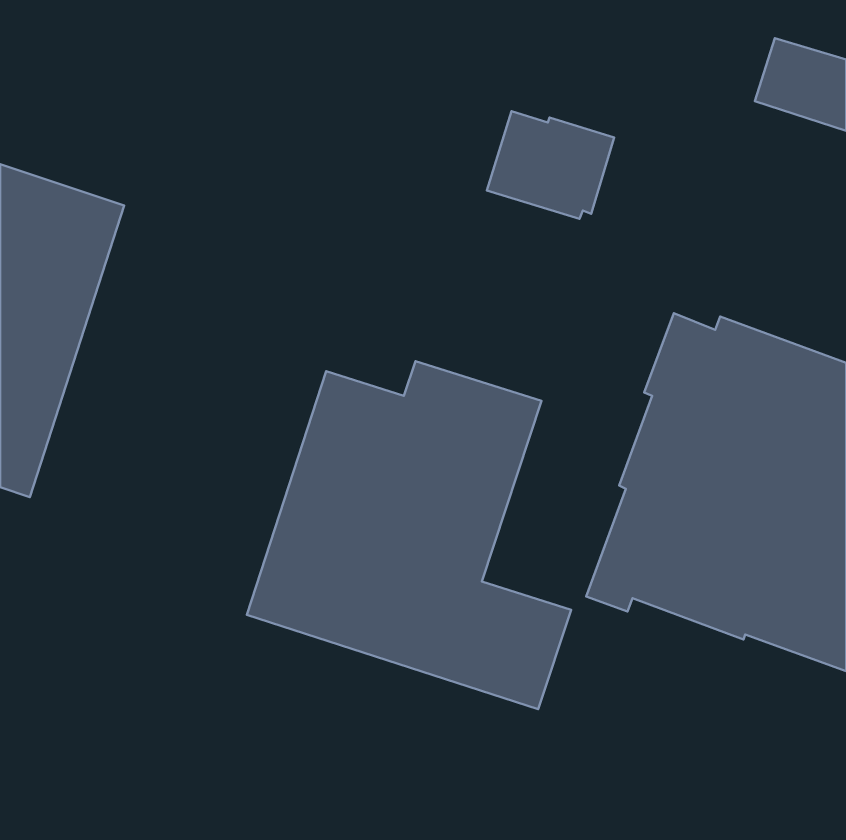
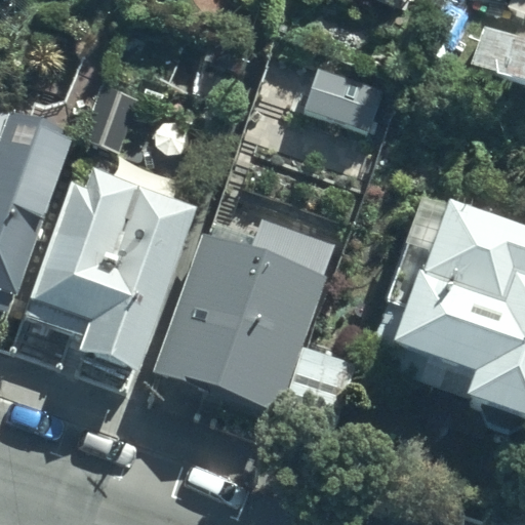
building: none -> [25,169,198,370]

